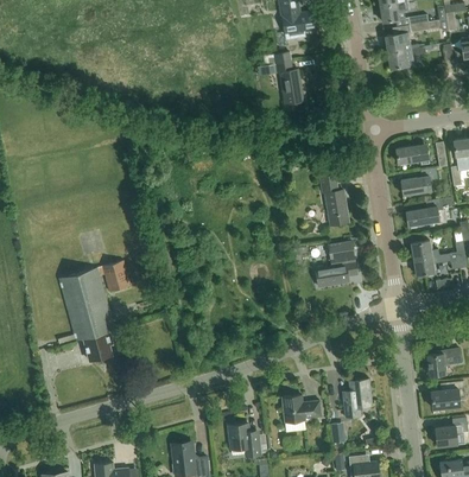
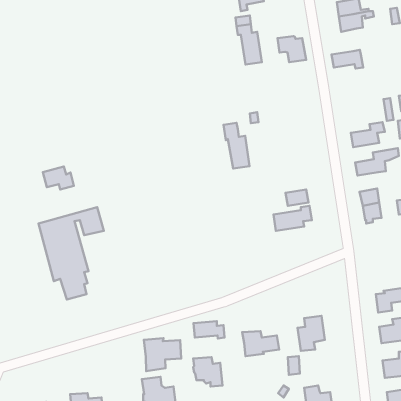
building: none -> [278,36,306,62]
building: [394,144,429,164] -> [332,50,363,69]
building: [321,174,349,224] -> [224,123,250,168]
building: none -> [43,166,74,189]
building: none -> [193,321,225,338]
building: none -> [144,338,181,371]

